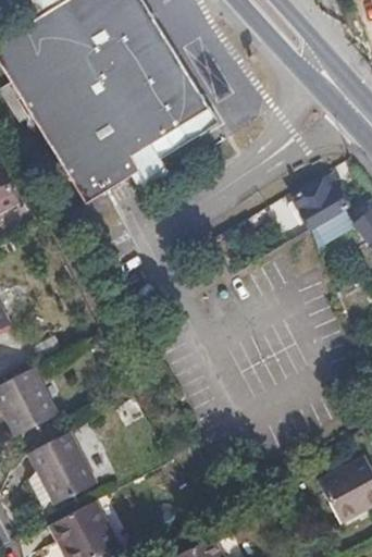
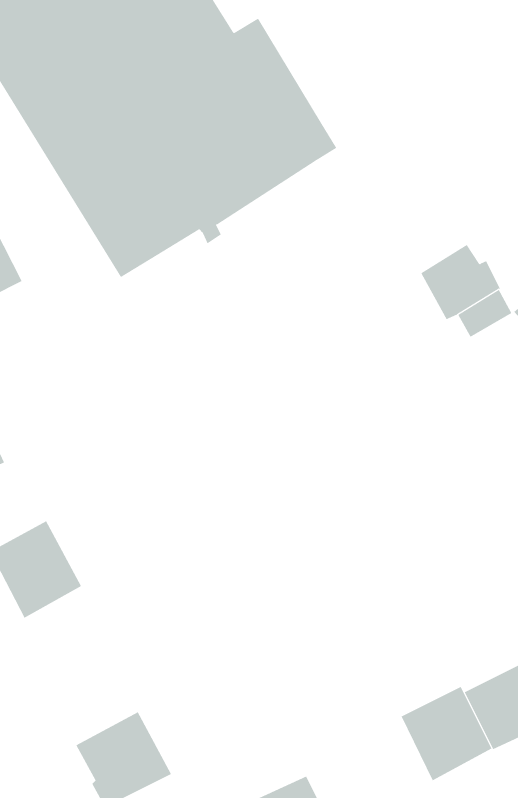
building: [34,430,99,499] -> none
building: none -> [401,686,492,781]

